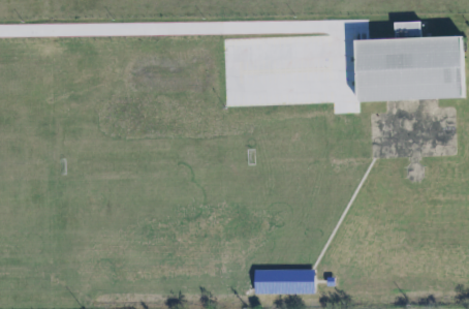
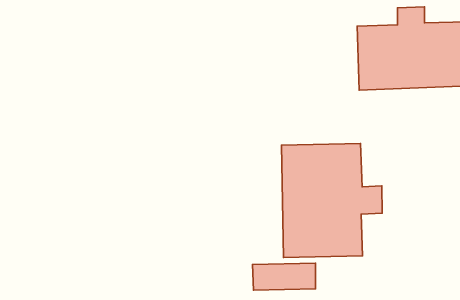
building: none -> [282,143,382,257]

